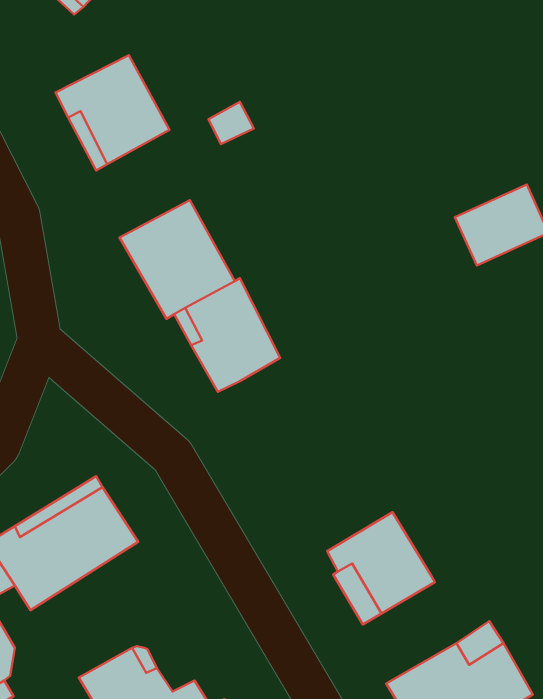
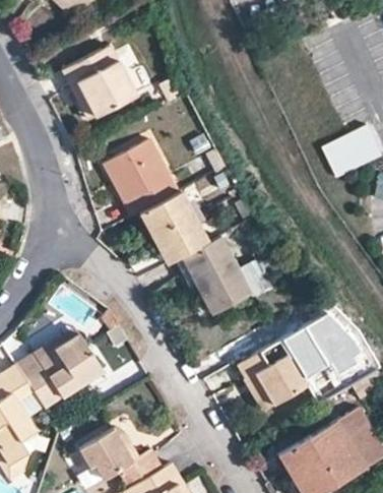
building: none -> [182,236,251,313]
building: none -> [281,314,364,383]

